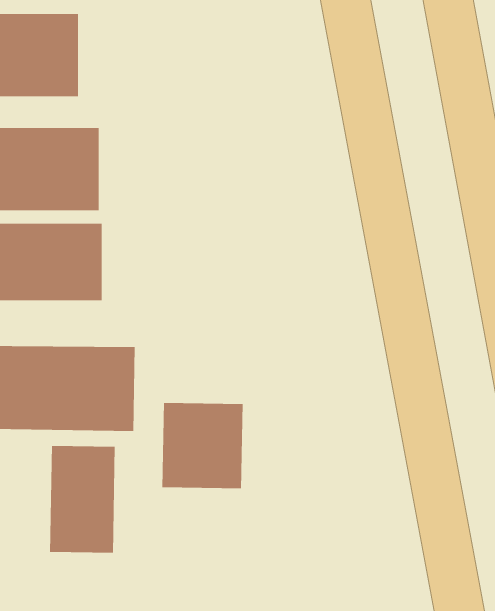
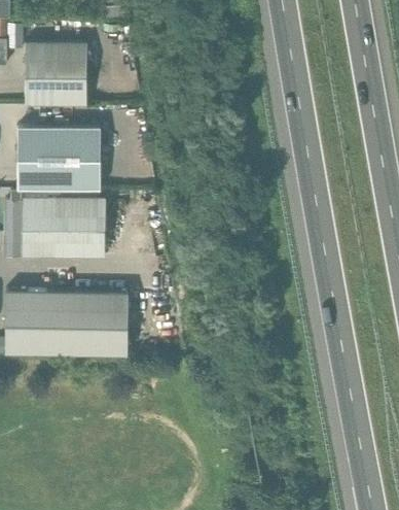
building: [162,402,243,489] -> none
building: [50,445,115,554] -> none

